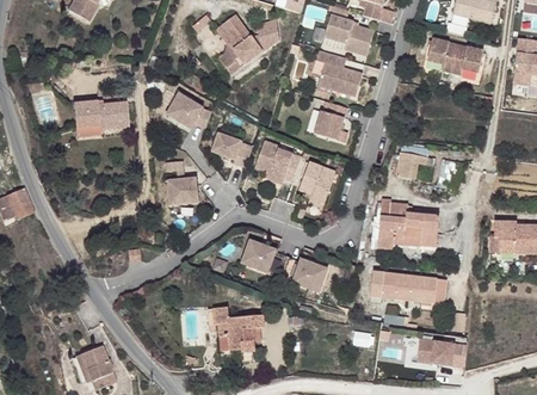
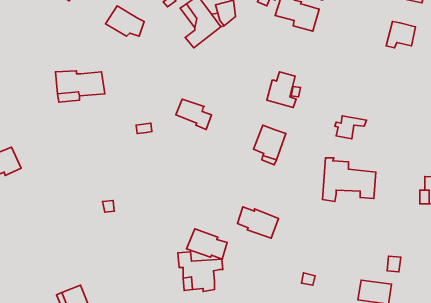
building: [426,38,457,72] -> none
building: [315,50,362,97] -> none
building: [166,93,210,128] -> [106,6,144,36]
building: [254,140,301,184] -> none
building: [167,178,197,204] -> none
building: [240,240,286,274] -> [187,229,227,259]
building: [370,272,436,303] -> none

